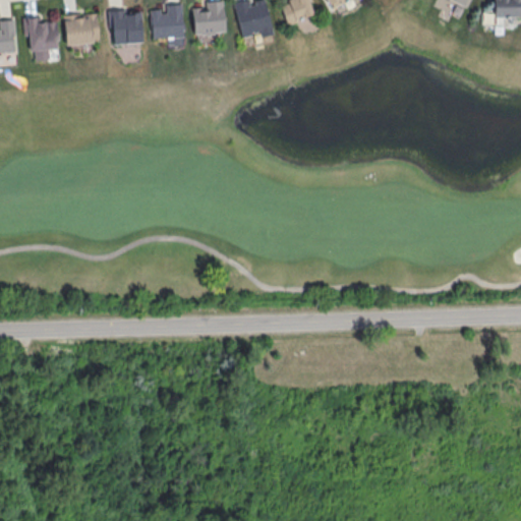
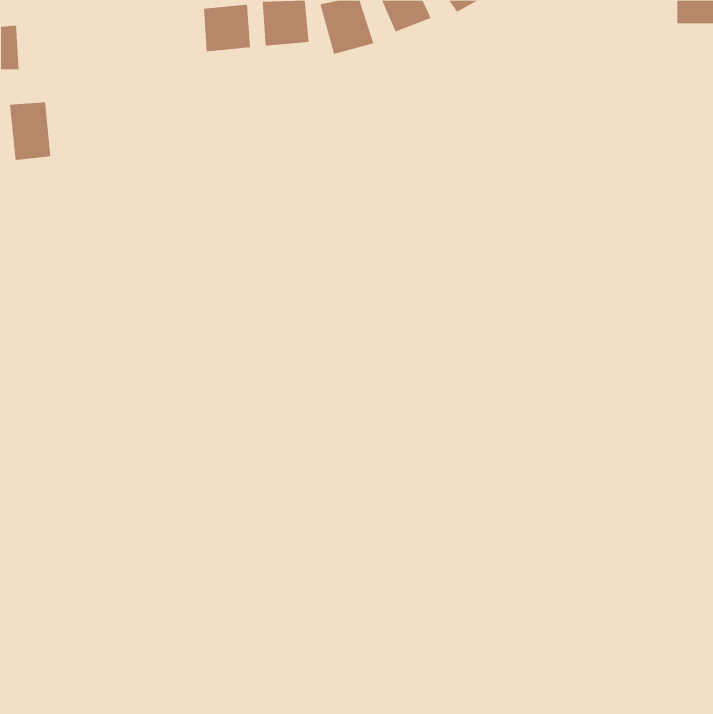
building: [110,11,143,44] -> none
building: [64,13,100,47] -> none
building: [31,19,61,62] -> [9,102,51,161]

